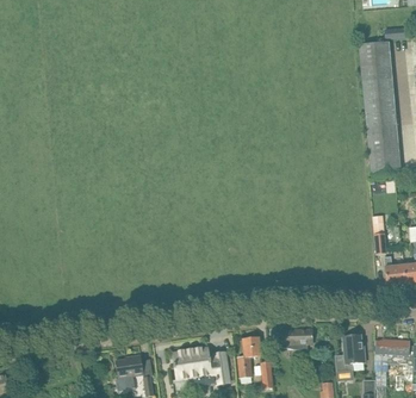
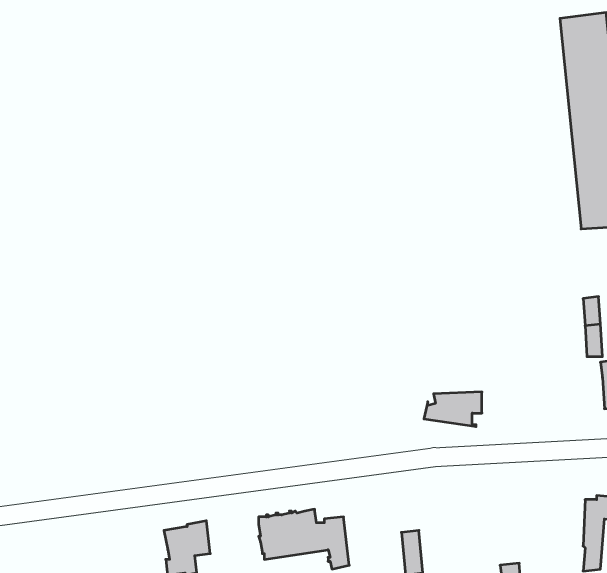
building: [277,329,312,350] -> [424,392,482,427]
building: [336,334,365,371] -> none
building: [237,336,261,377] -> none

